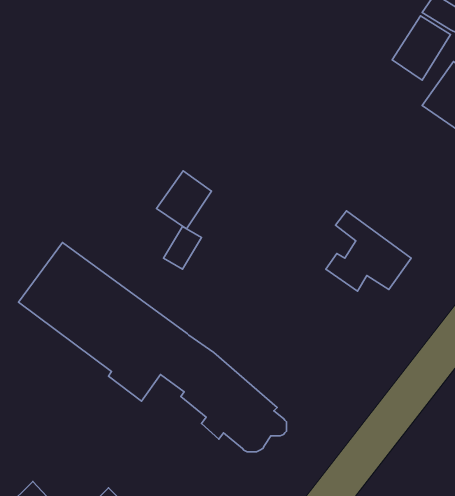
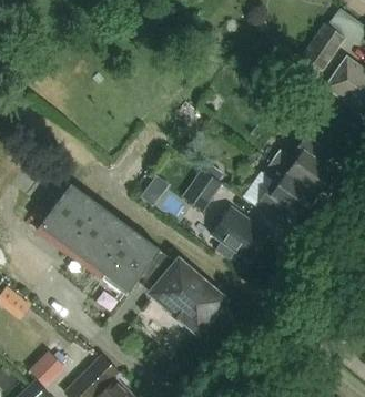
building: [156,171,212,229] -> [181,167,220,208]
building: none -> [270,134,332,194]
building: none -> [211,206,267,261]

